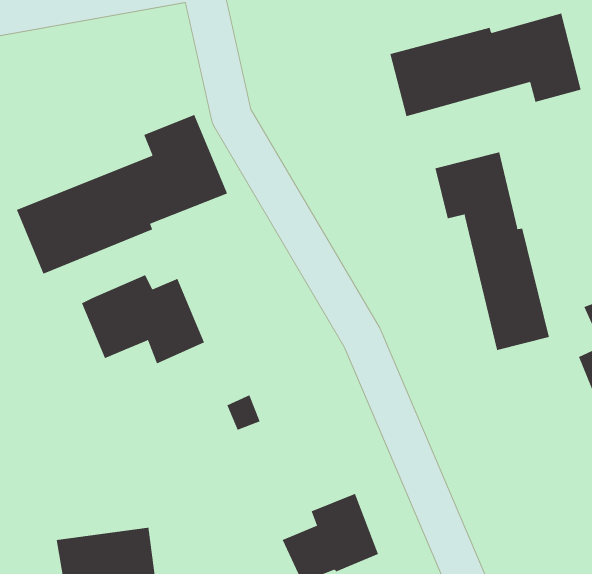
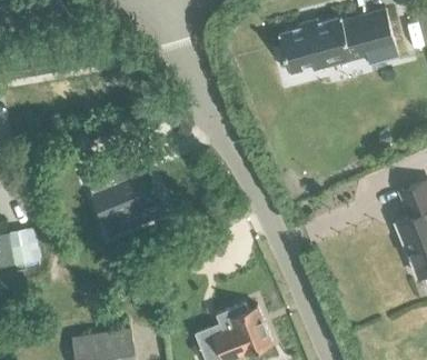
building: [16,114,228,275] -> none
building: [435,151,550,351] -> none

